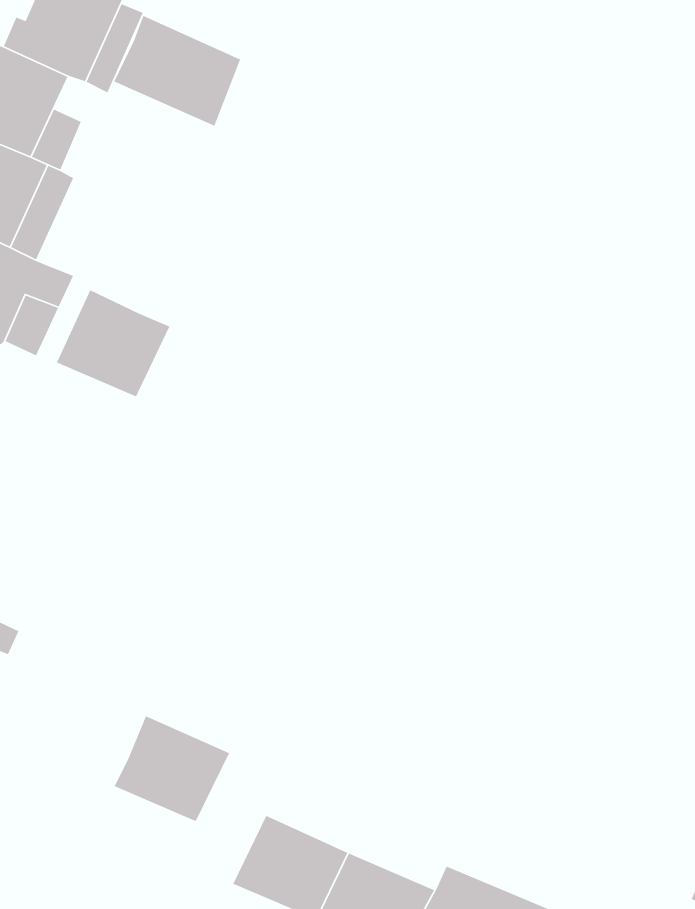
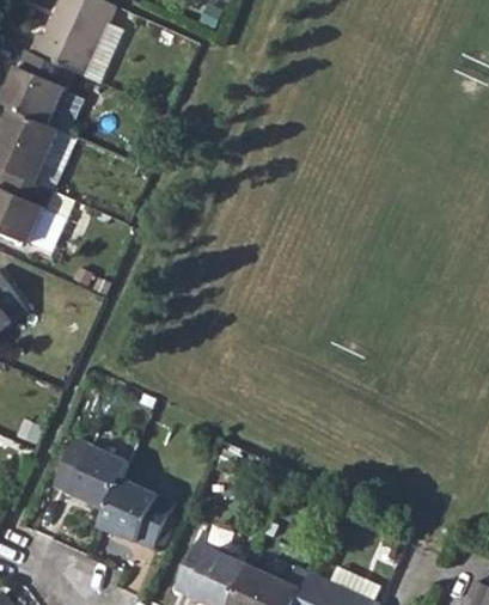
building: [113,15,241,127] -> none
building: [56,289,171,398] -> none
building: none -> [53,438,127,508]

